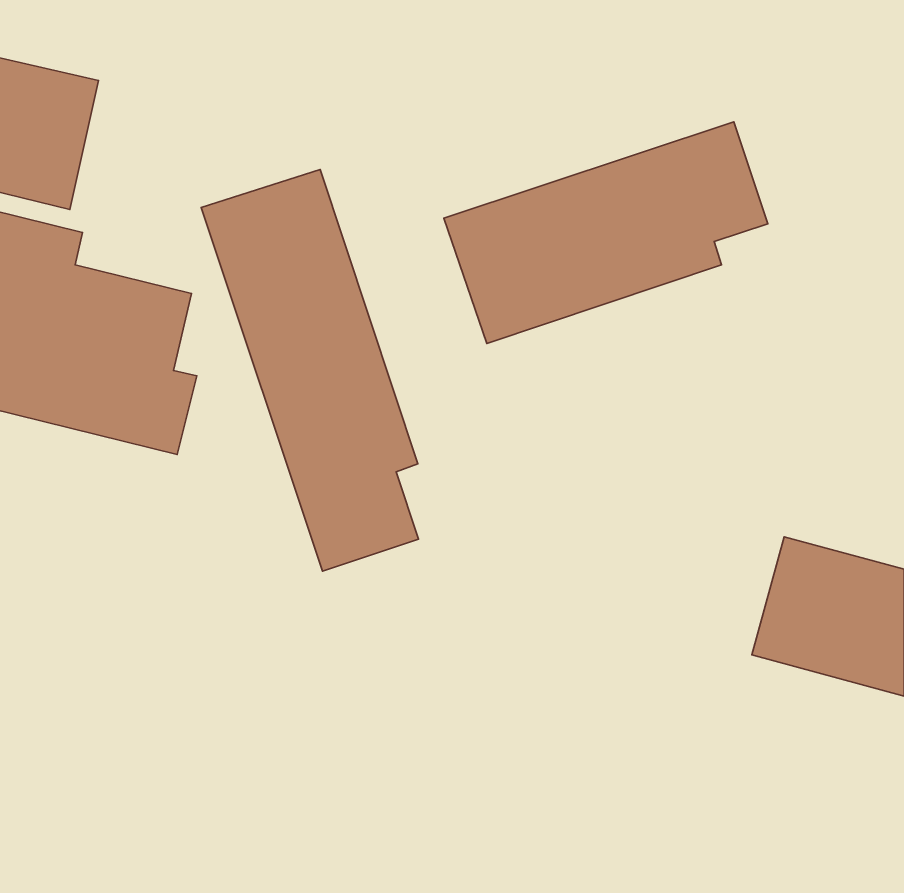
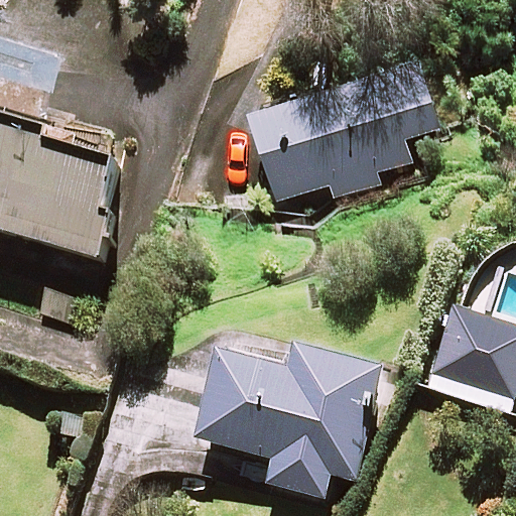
building: [201,169,419,571] -> none
building: none -> [189,346,382,491]

